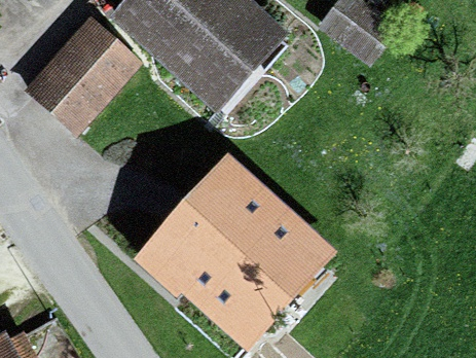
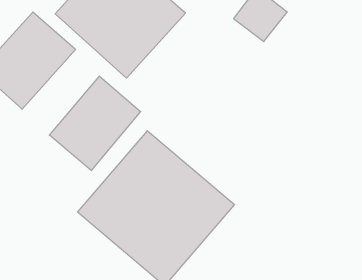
building: none -> [49,76,141,171]

